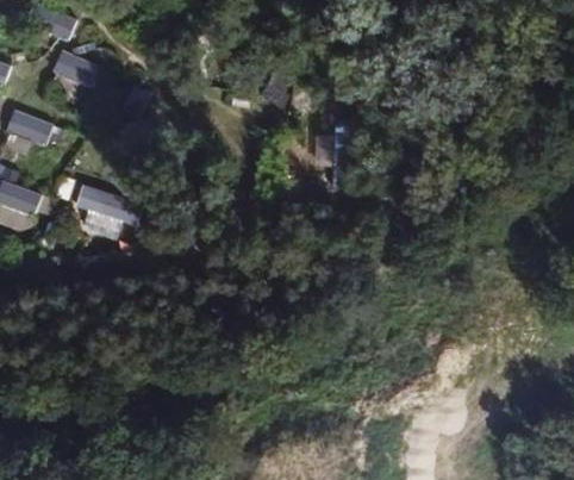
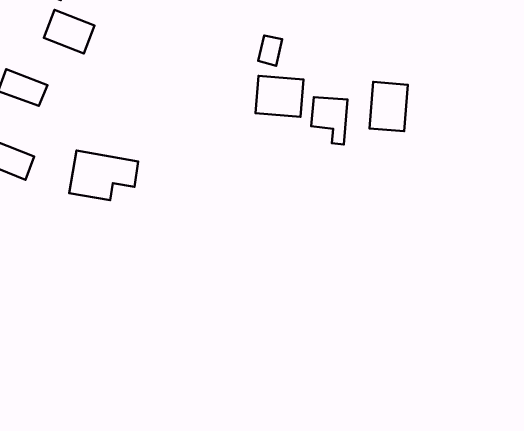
building: none -> [255,76,303,117]
building: none -> [369,82,408,131]

